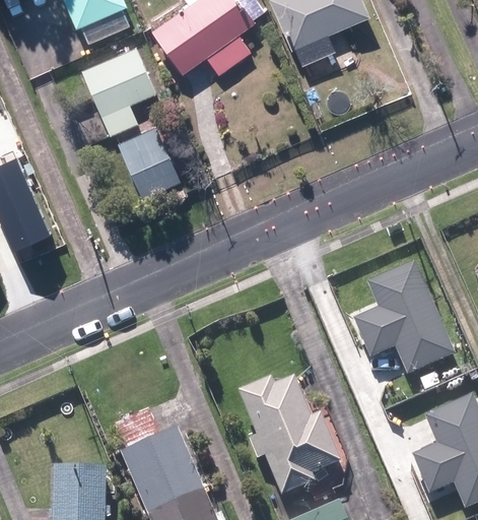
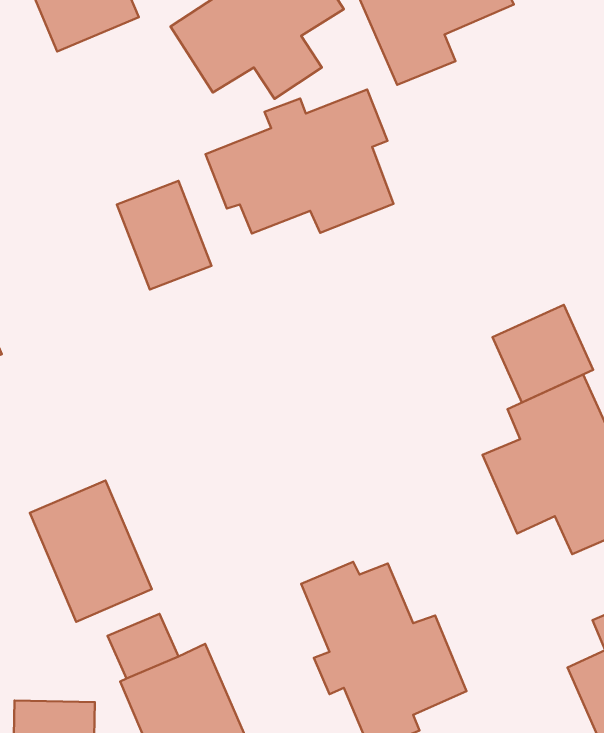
building: [80,47,156,138] -> none
building: none -> [206,90,394,234]
building: none -> [492,305,593,402]
building: none -> [30,480,152,622]

